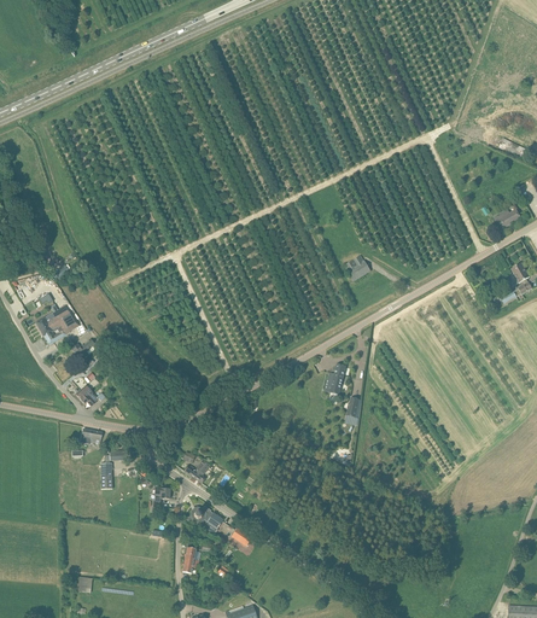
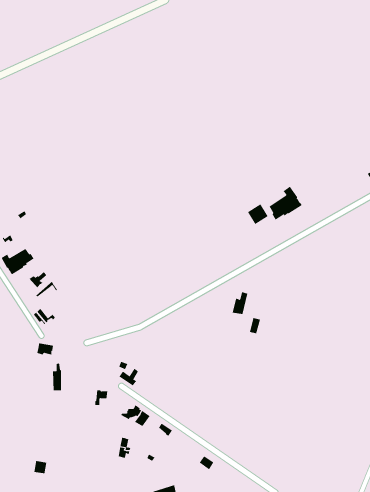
building: none -> [269,186,302,220]

